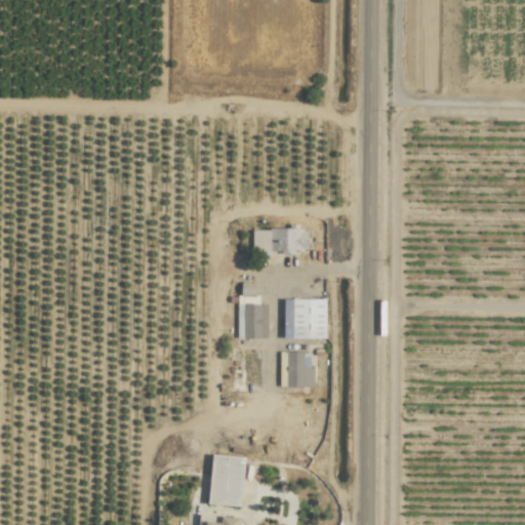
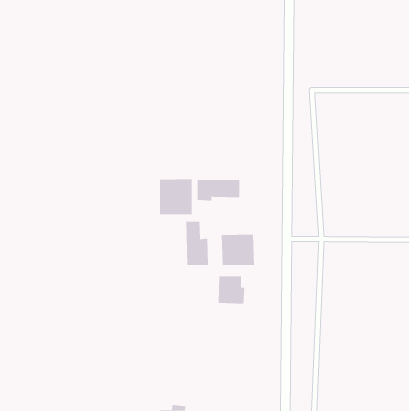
building: none -> [159,178,192,215]
building: [209,454,246,507] -> none

